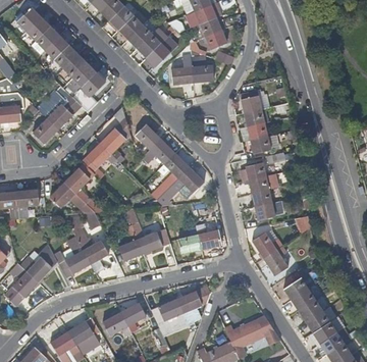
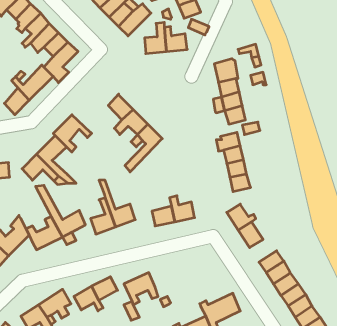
building: [100,117,128,159] -> none
building: [157,166,203,204] -> none
building: [175,285,209,312] -> none

